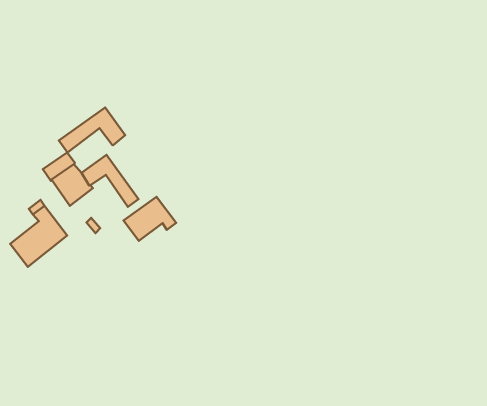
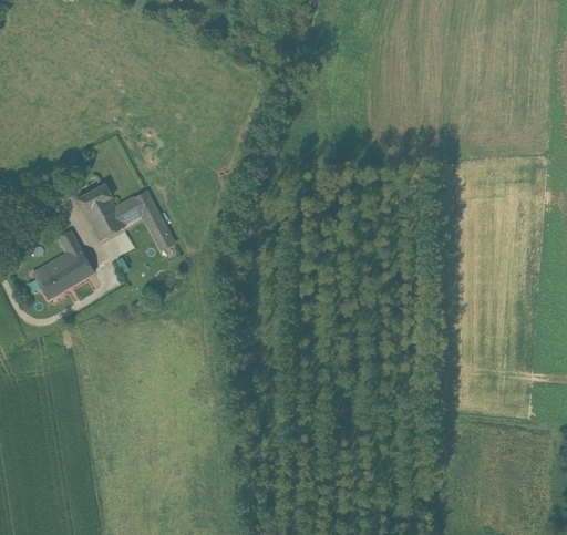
building: [59,107,125,153] -> none
building: [124,197,176,241] -> none

